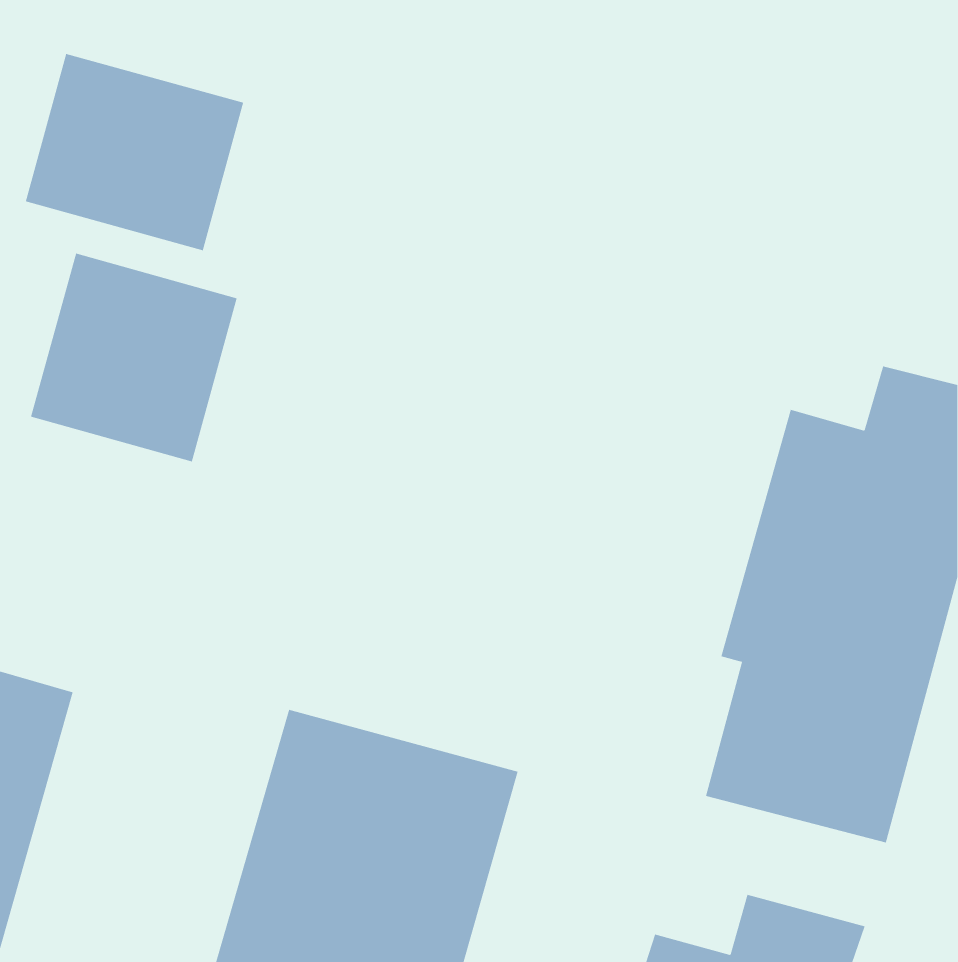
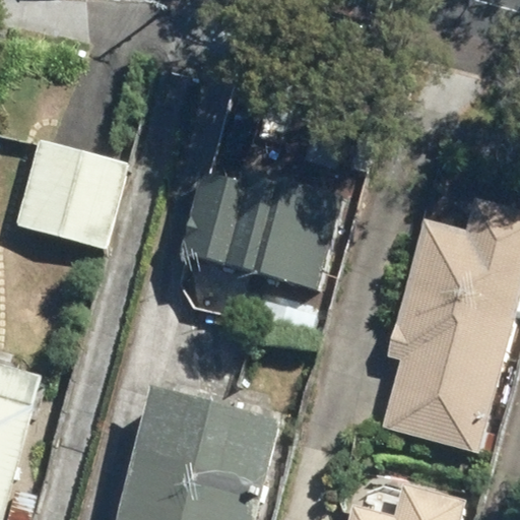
building: [25,53,244,251] -> none
building: none -> [182,168,343,289]

